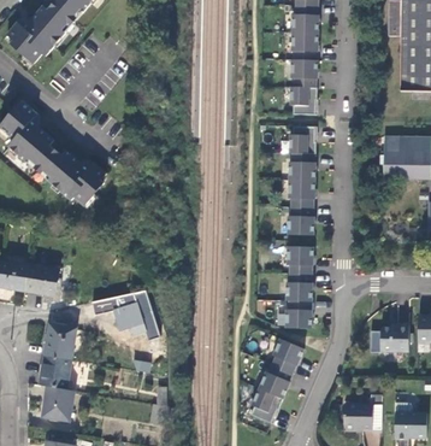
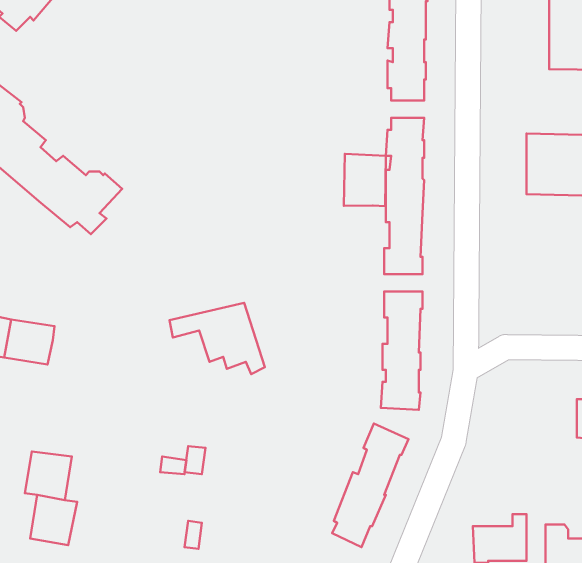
building: none -> [344,154,386,206]
building: [91,289,158,339] -> [170,303,265,374]
building: [42,324,75,359] -> none
building: [383,327,412,354] -> none

